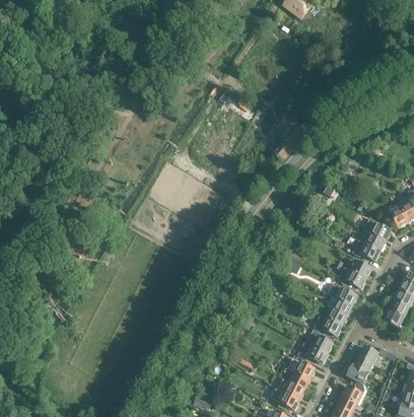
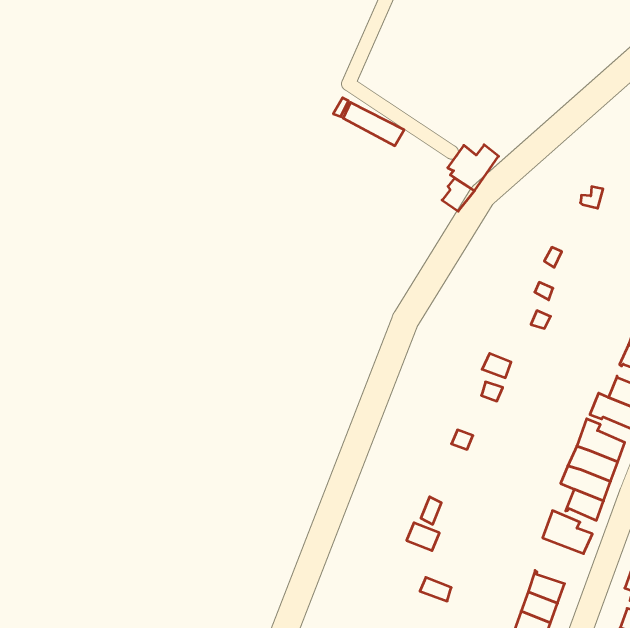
building: [296,341,327,363] -> none

